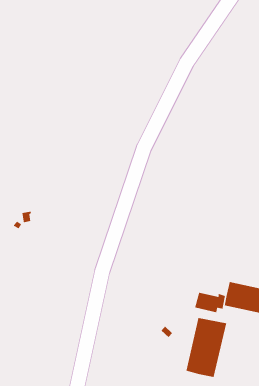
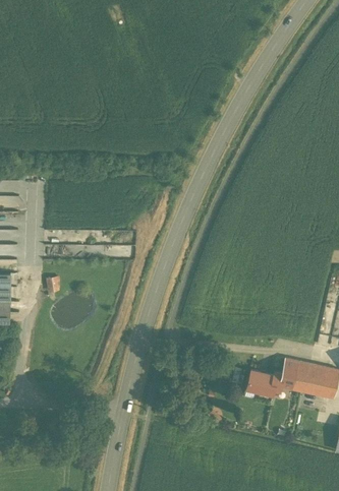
building: [185,317,227,378] -> none

